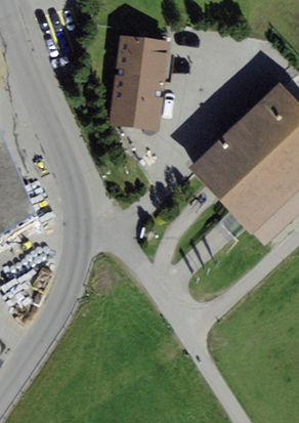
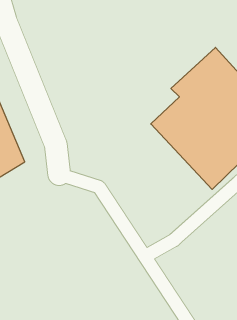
building: [106,35,170,131] -> none

